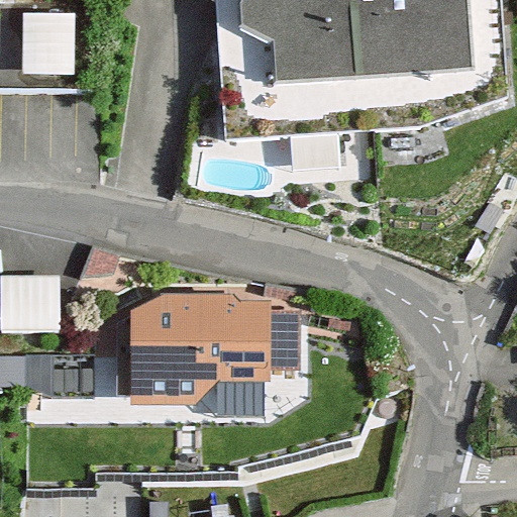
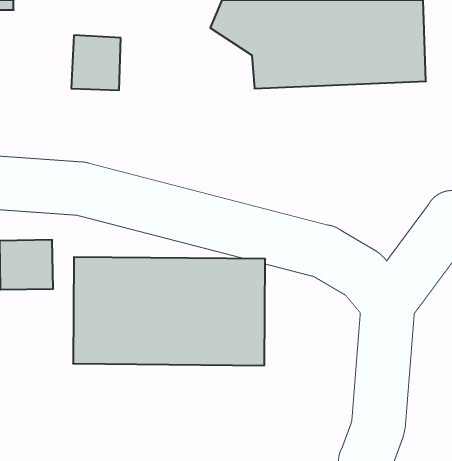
building: [18,6,74,68] -> [71,35,121,90]

